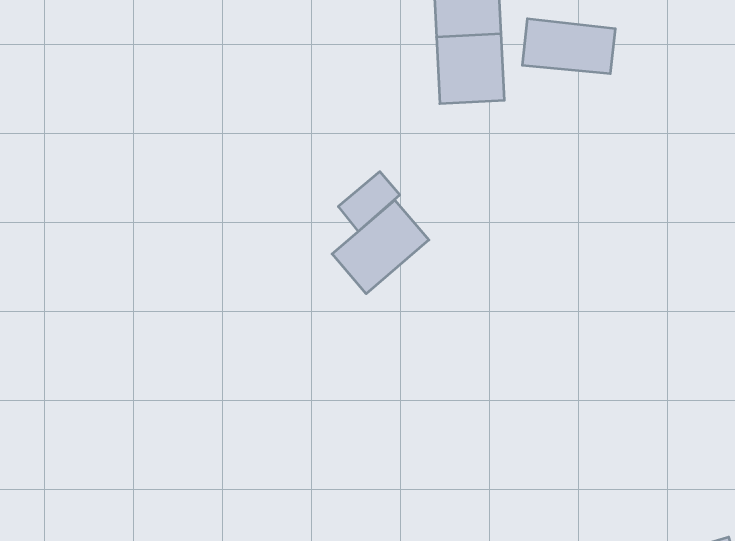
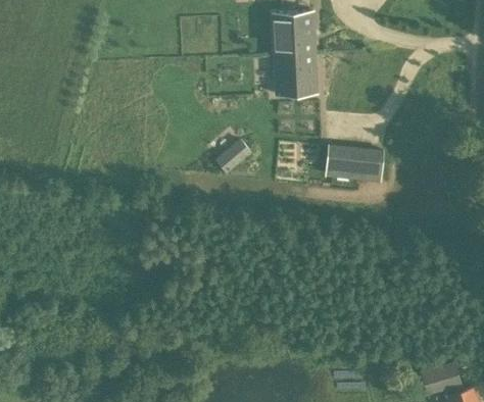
building: [522,19,615,74] -> [327,146,384,180]
building: [332,200,429,294] -> none

